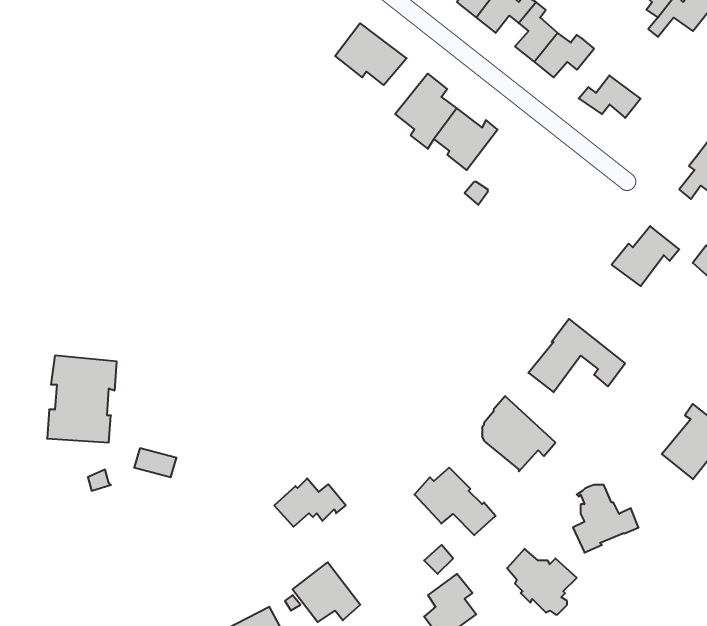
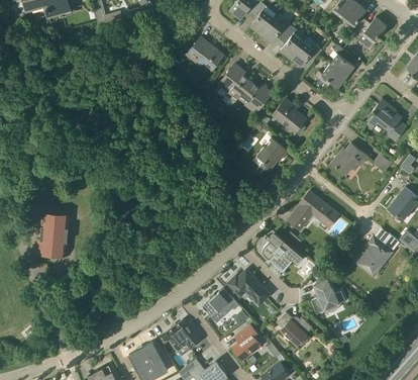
building: none -> [330,45,354,77]
building: none -> [273,99,306,132]
building: none -> [256,137,289,178]
building: [274,478,346,527] -> [202,292,239,317]

